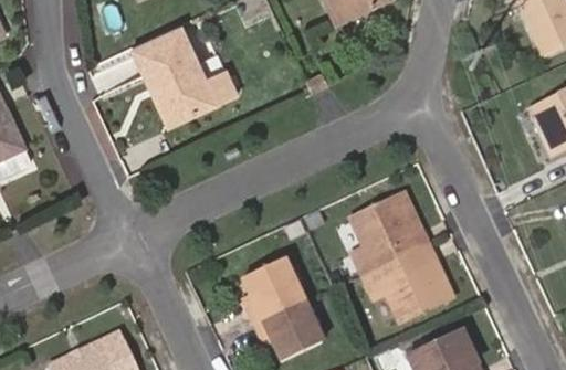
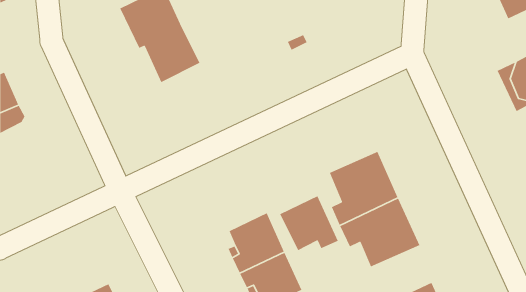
building: [197,53,237,101] -> none
building: none -> [279,195,339,251]

